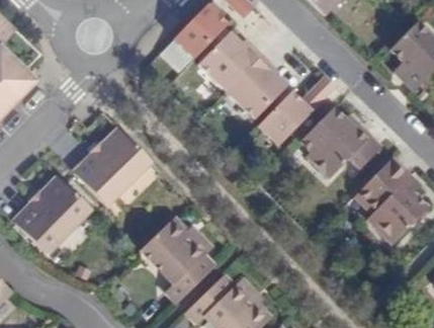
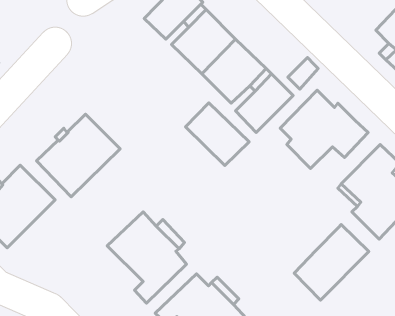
building: none -> [186,103,249,166]
building: none -> [294,225,369,300]

